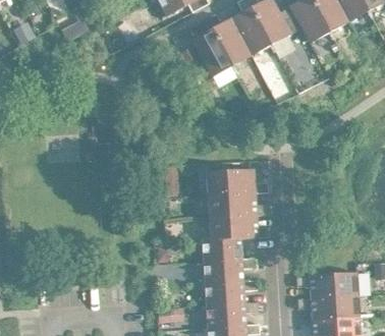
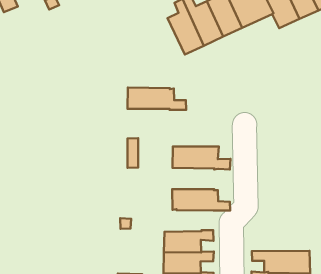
building: [207,192,269,217] -> [128,87,186,110]
building: [201,236,254,262] -> none

